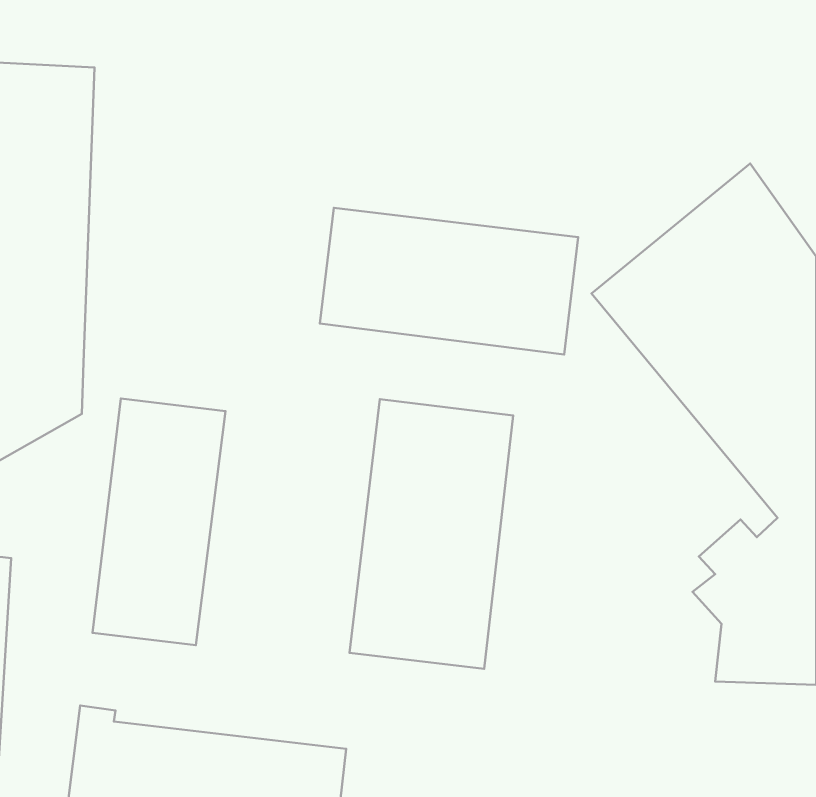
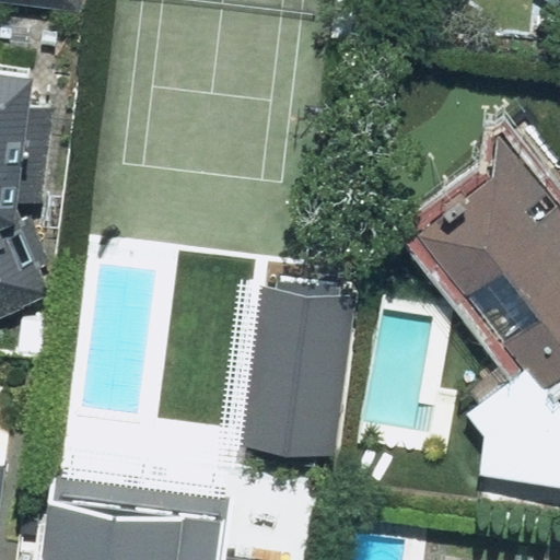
building: [320,208,578,354] -> none
building: [93,399,225,645] -> none

